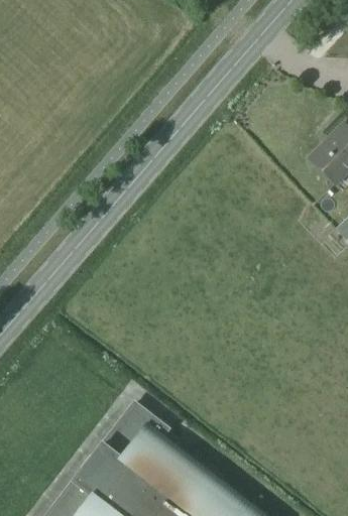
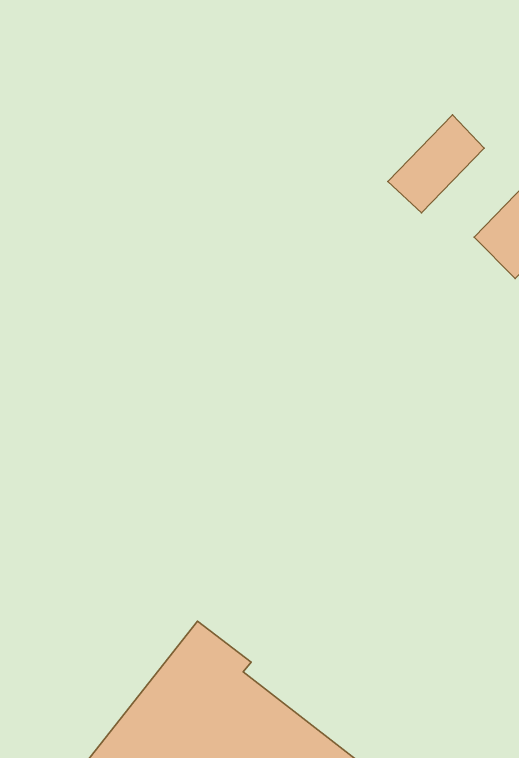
building: none -> [388,115,484,213]

